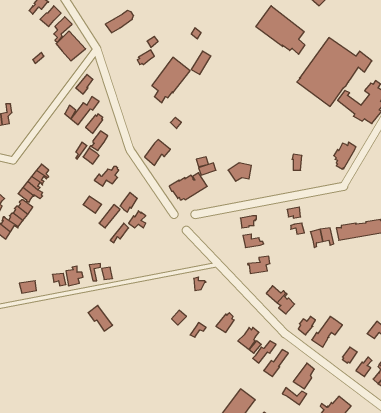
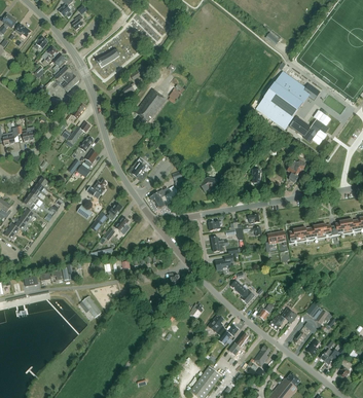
building: [256,6,305,54] -> none

